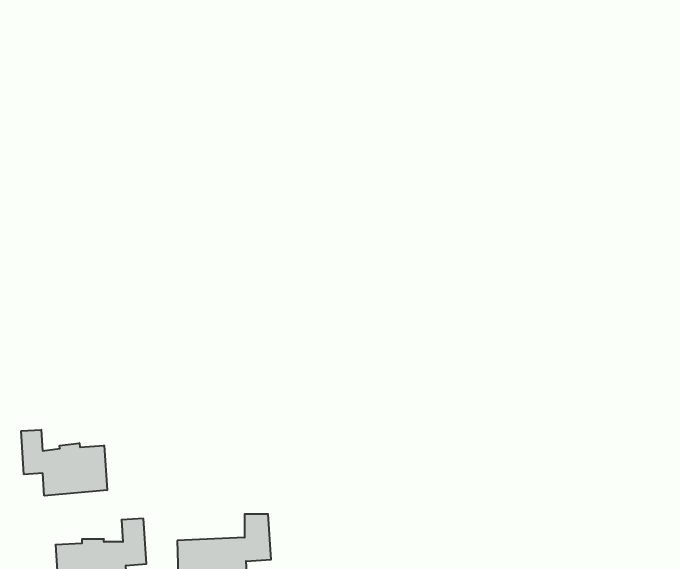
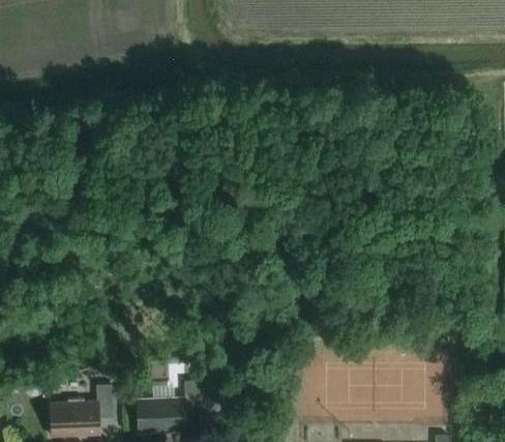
building: [21,430,107,496] -> none

